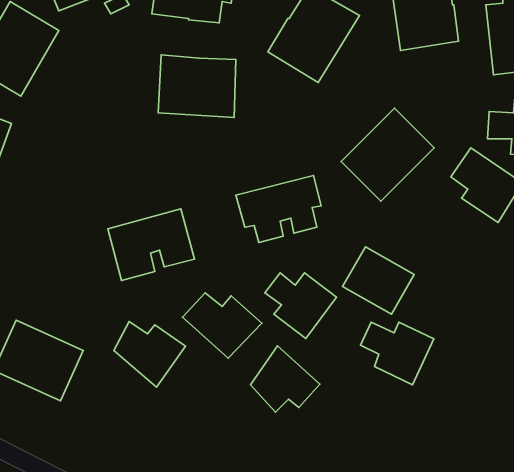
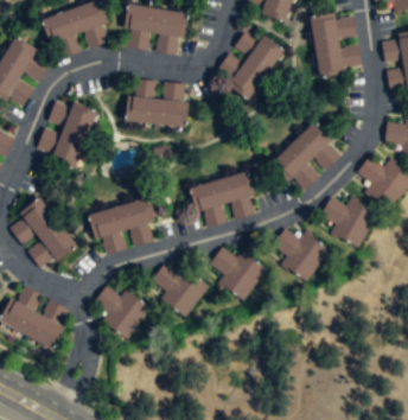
building: none -> [36,98,95,165]
building: none -> [12,197,77,265]
building: [361,322,434,385] -> [320,198,377,247]
building: [250,346,320,412] -> none

